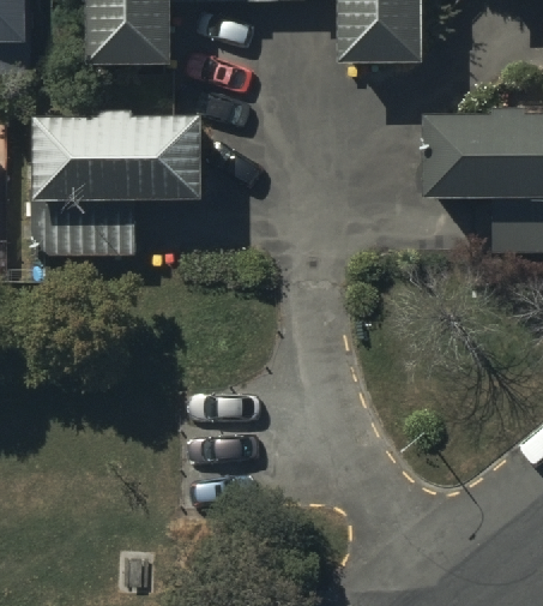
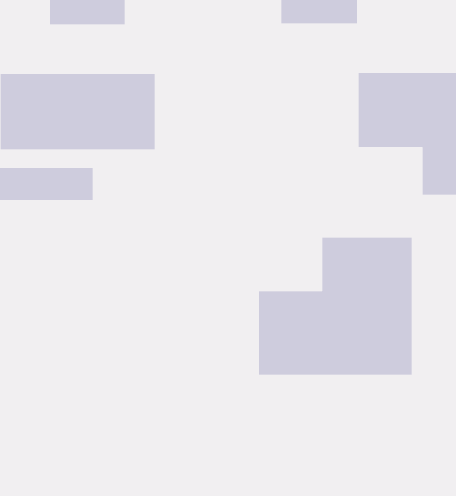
building: none -> [259,237,412,375]

